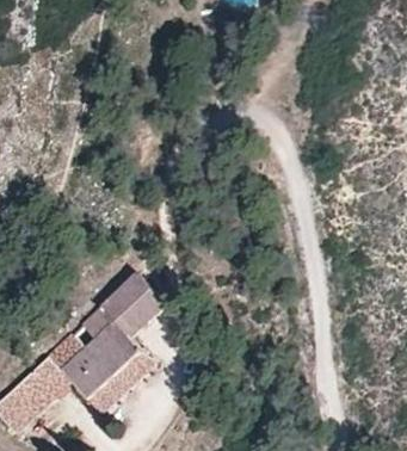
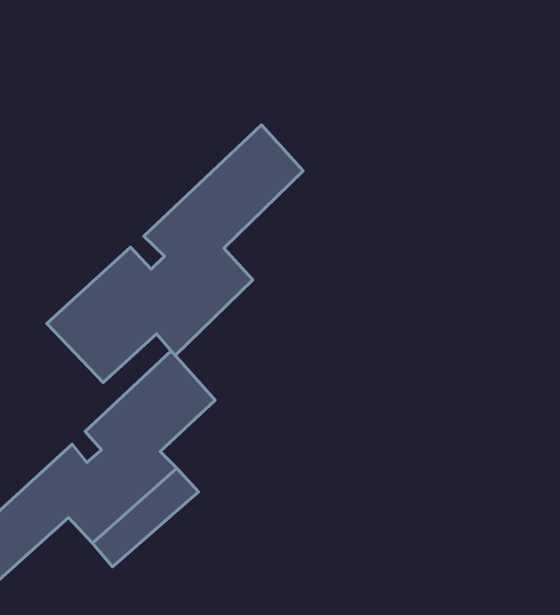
building: none -> [47,125,303,383]

